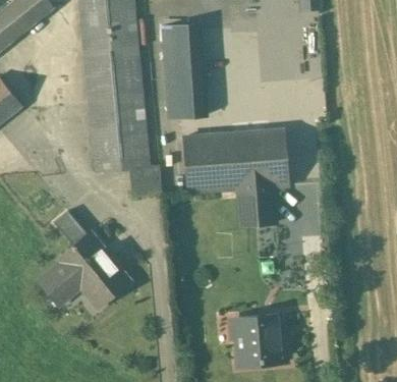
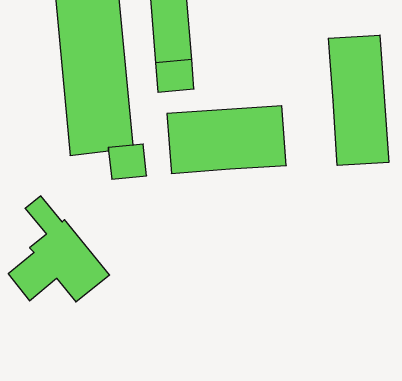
building: none -> [328,35,389,165]
building: [238,184,277,225] -> none
building: [236,316,288,366] -> none

